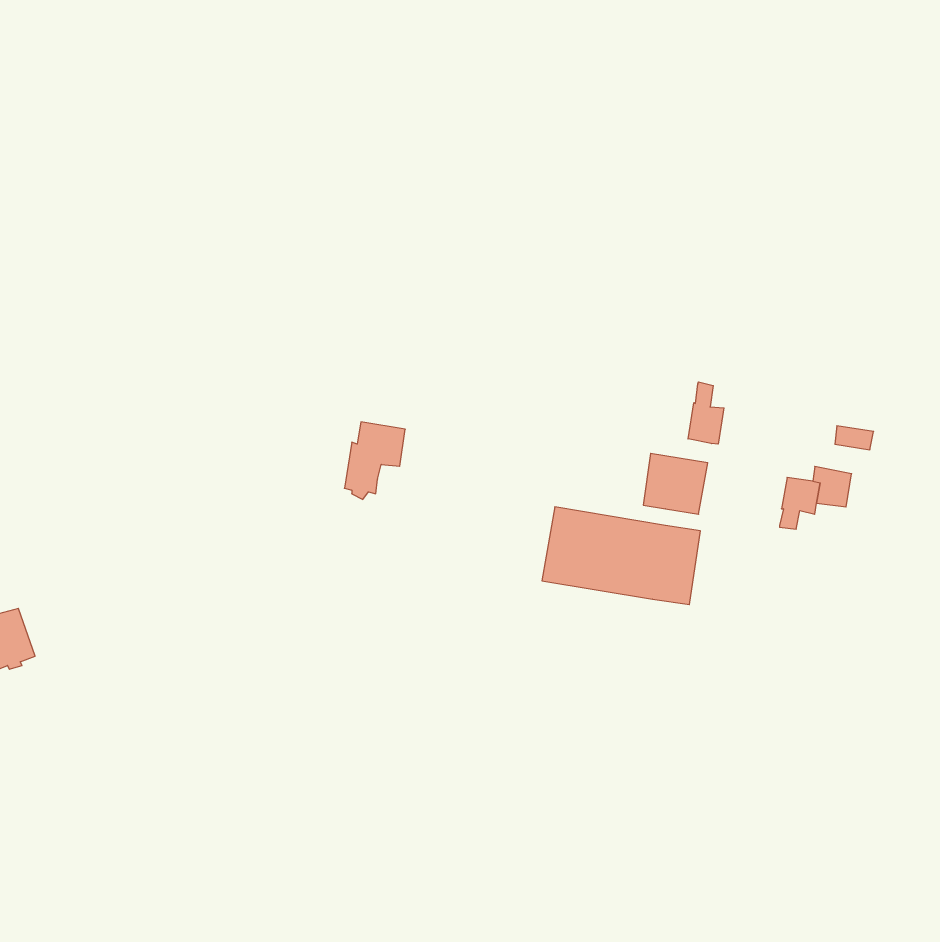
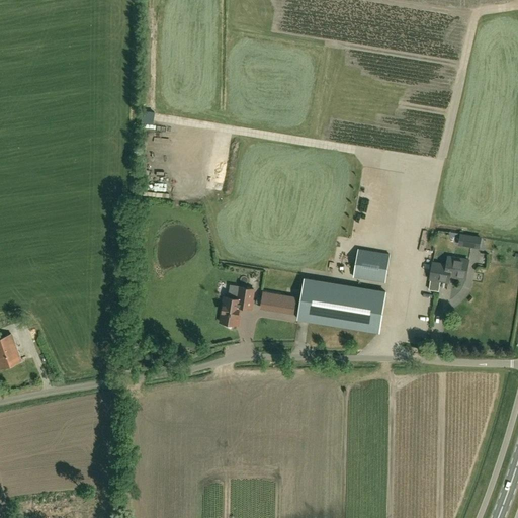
building: [688,382,724,444] -> none
building: [344,422,405,499] -> [220,285,253,328]
building: none -> [260,292,294,312]

